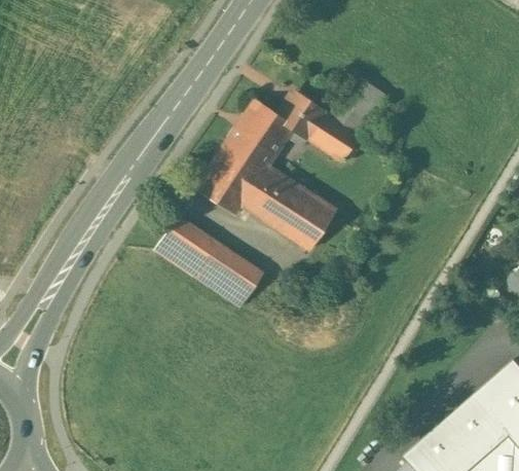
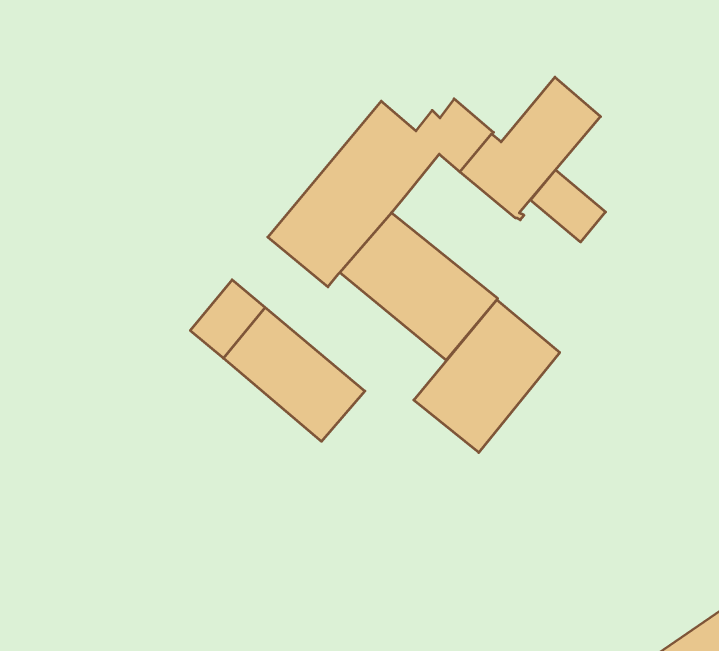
building: none -> [531,170,606,242]
building: none -> [414,300,560,453]

